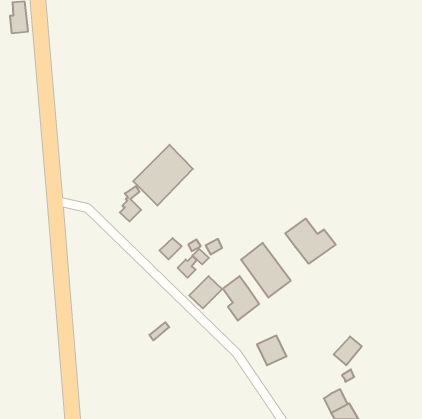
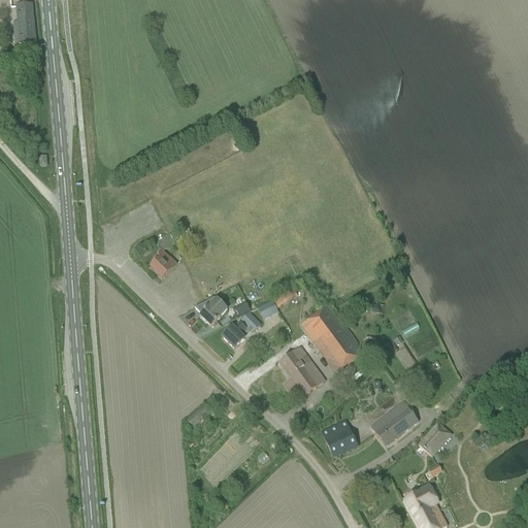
building: [133,145,193,206] -> none
building: [285,219,336,264] -> none
building: [189,276,222,308] -> none
building: none -> [370,400,418,444]

